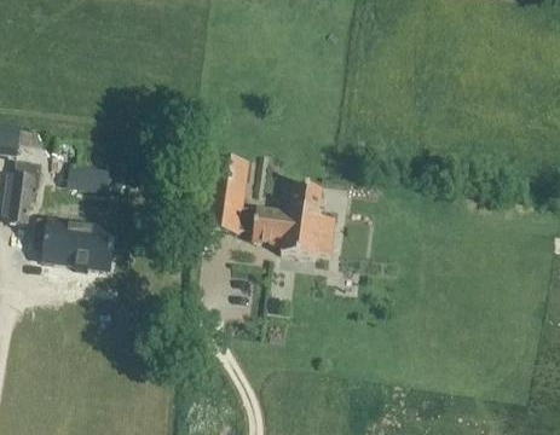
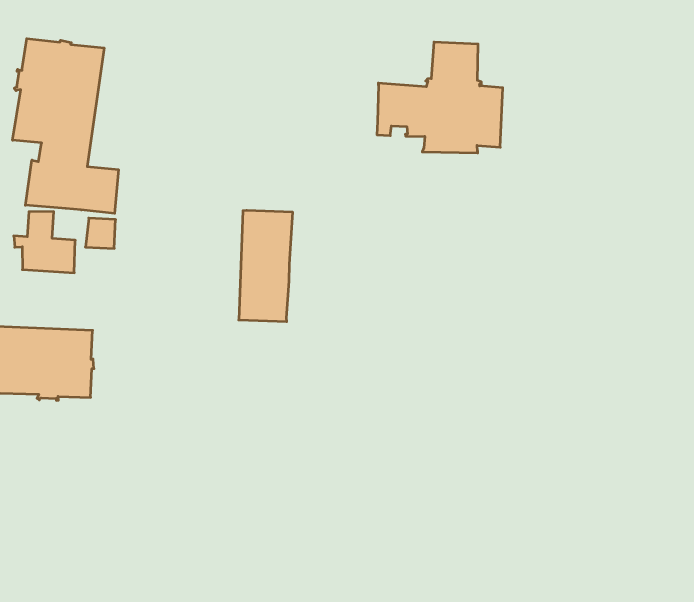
building: none -> [13,39,118,213]
building: [253,185,335,257] -> [377,42,503,153]

